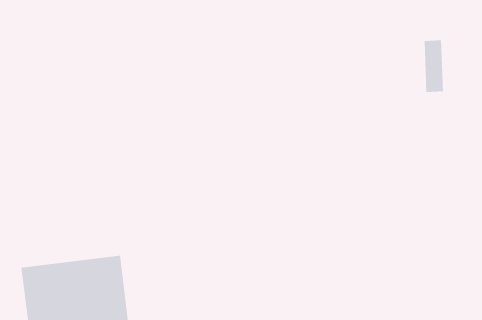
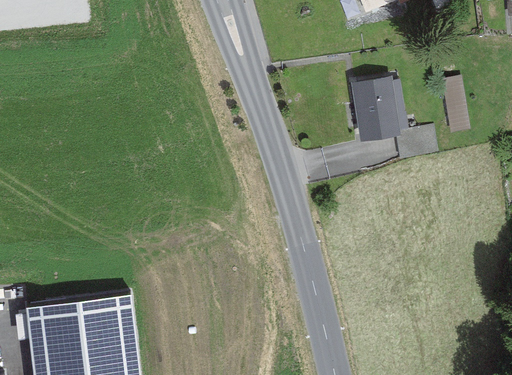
building: none -> [353,75,434,156]

